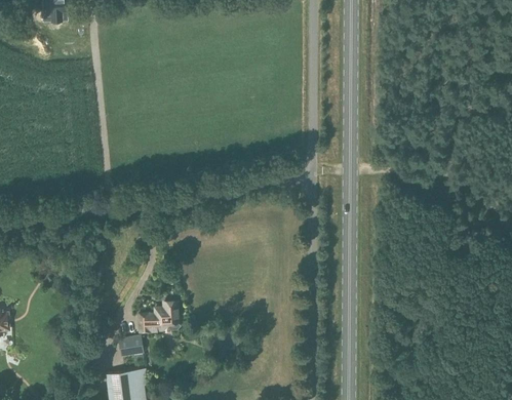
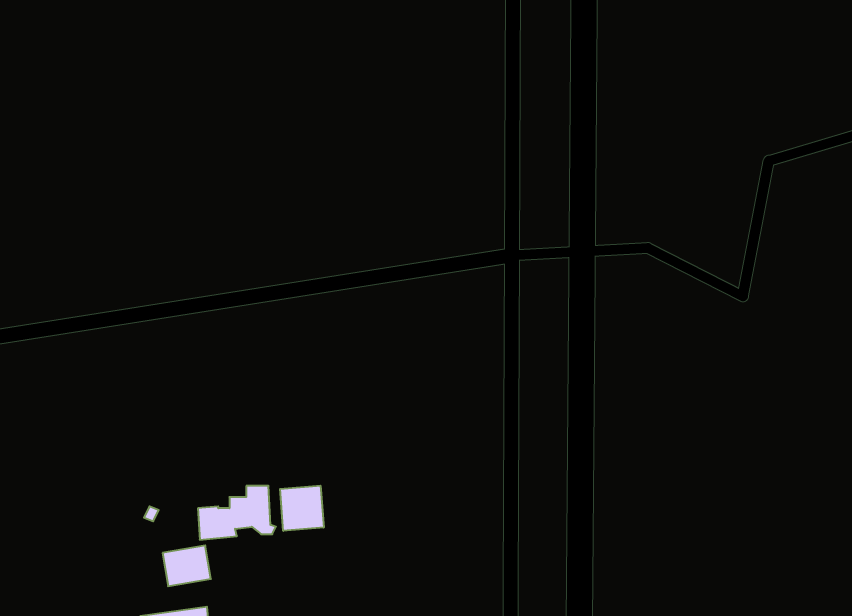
building: none -> [280,486,324,531]

